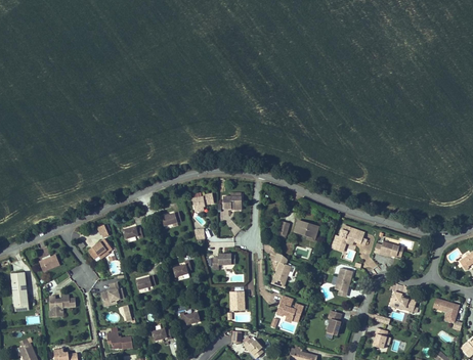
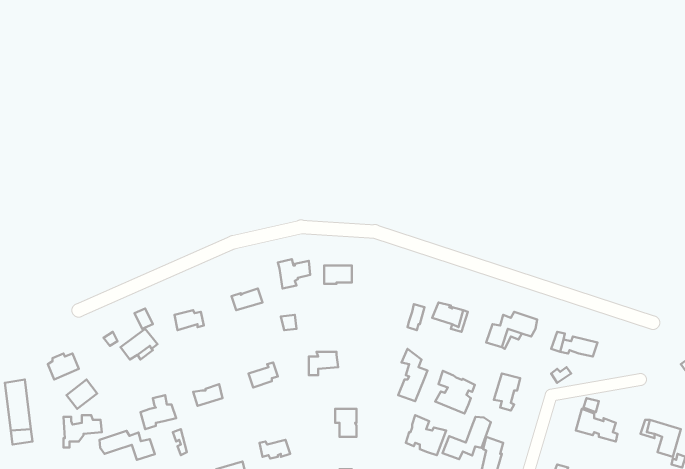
building: none -> [435,371,475,413]
building: none -> [442,417,491,459]
building: none -> [99,431,155,460]

